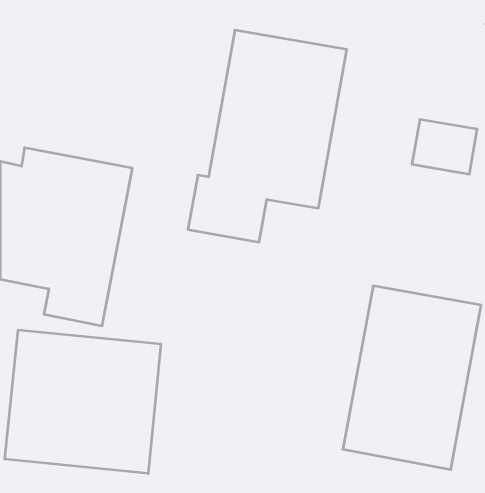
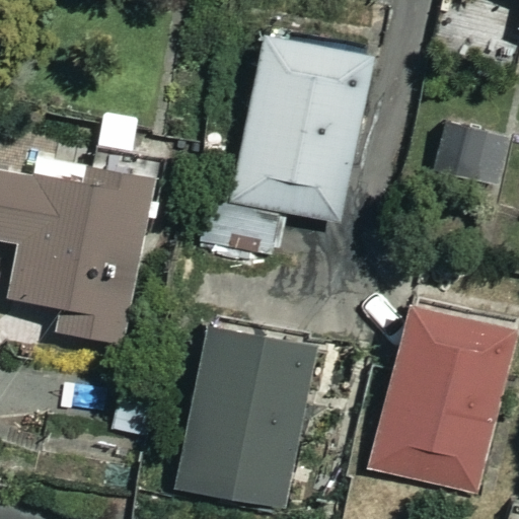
building: none -> [181,324,310,507]
building: [5,330,161,474] -> none

